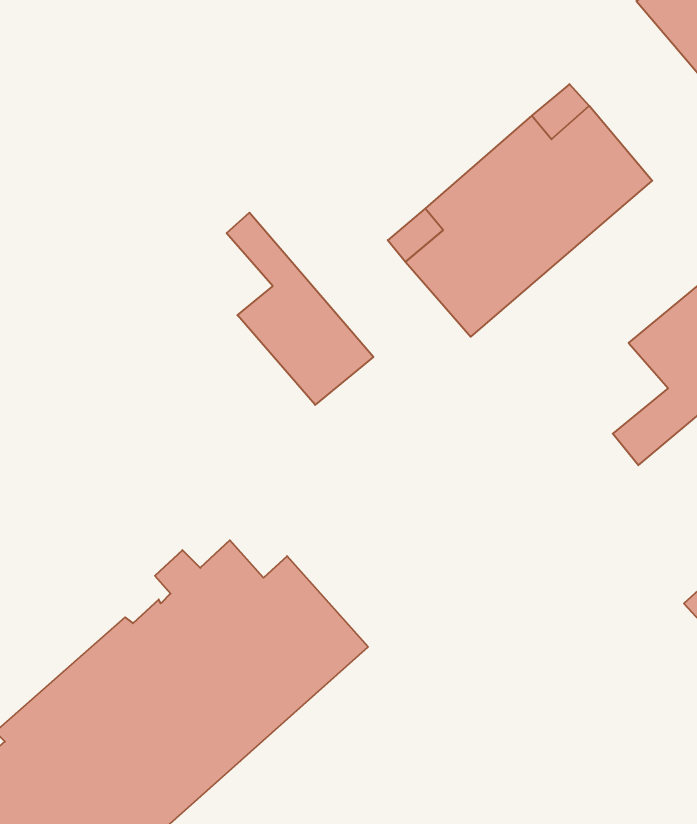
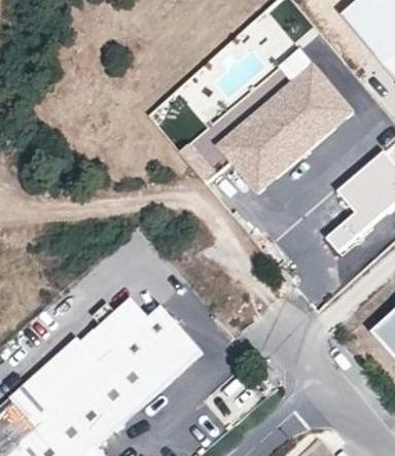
building: [227,213,373,405] -> none

